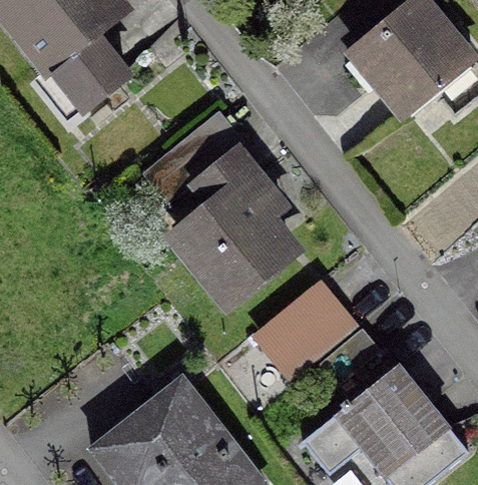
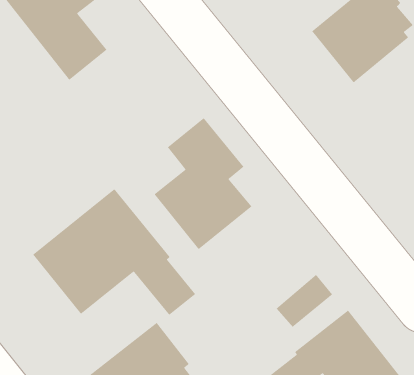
building: none -> [32,188,196,316]
building: [260,290,354,380] -> none

